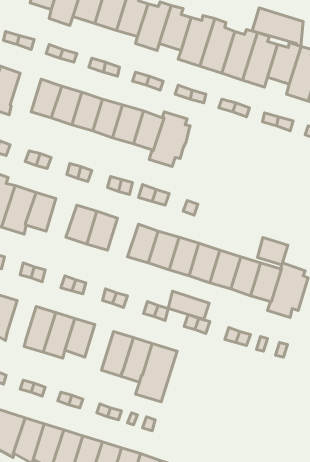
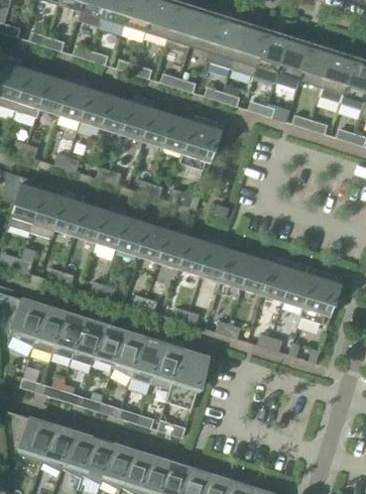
building: [252,8,303,46] -> none
building: none -> [38,76,70,115]
building: none -> [75,203,106,242]
building: none -> [137,223,168,262]
building: [257,237,288,265] -> none
building: [167,291,209,320] -> none
building: none -> [35,306,65,345]
building: none -> [113,331,143,377]

